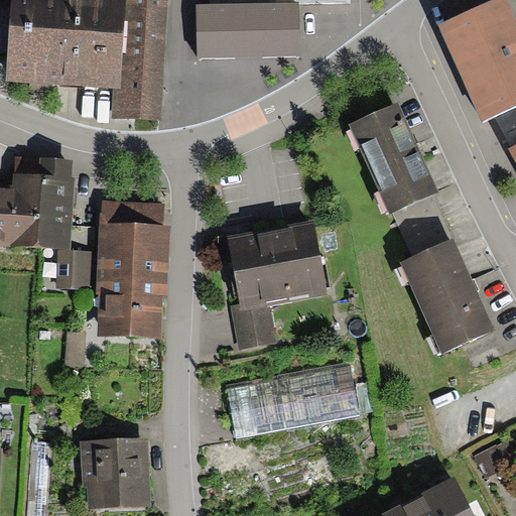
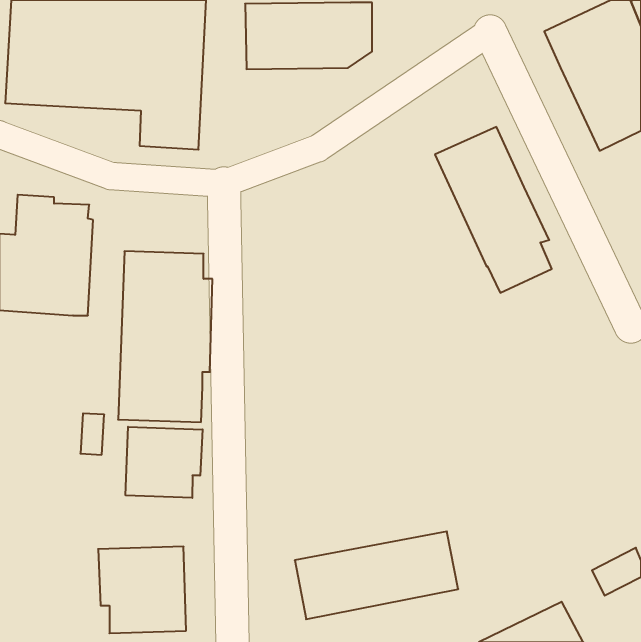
building: [401,216,496,353] -> none
building: [227,219,327,350] -> none
building: [56,253,92,290] -> none
building: none -> [126,427,203,498]
building: [225,368,356,438] -> [295,531,458,619]

